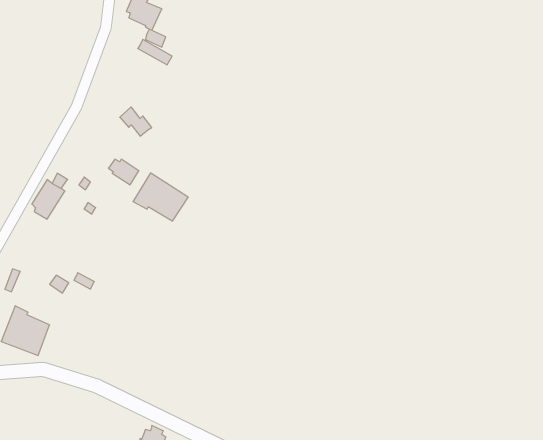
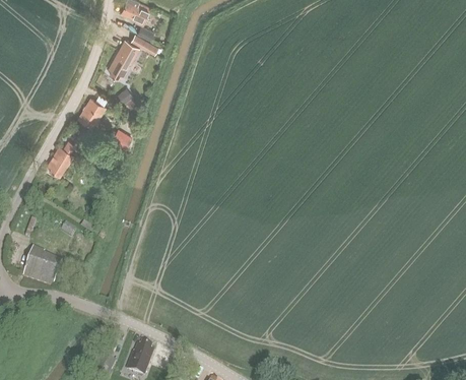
building: none -> [109,40,138,78]
building: none -> [80,98,105,127]
building: [133,173,188,221] -> none

